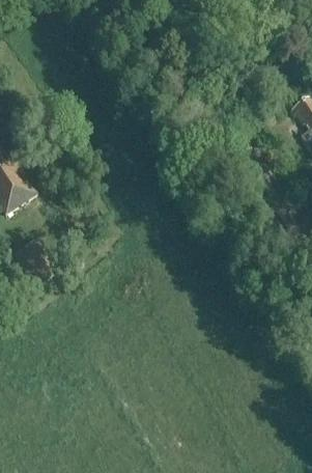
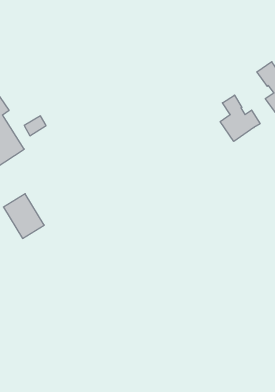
building: none -> [220,95,260,141]

